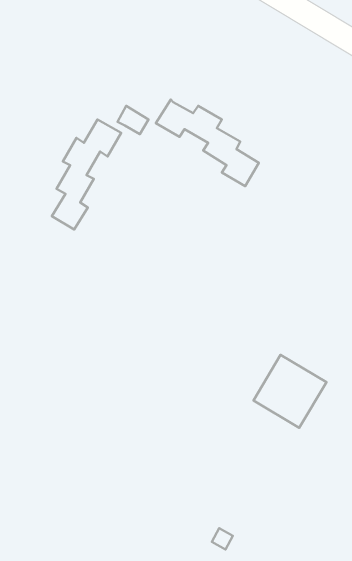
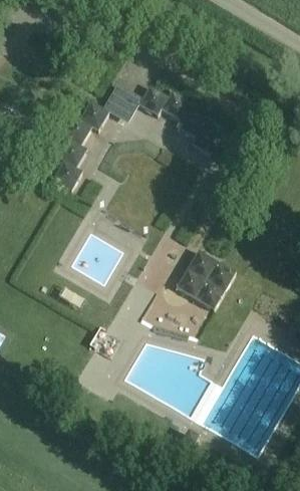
building: [253,355,327,428] -> [175,250,234,309]

